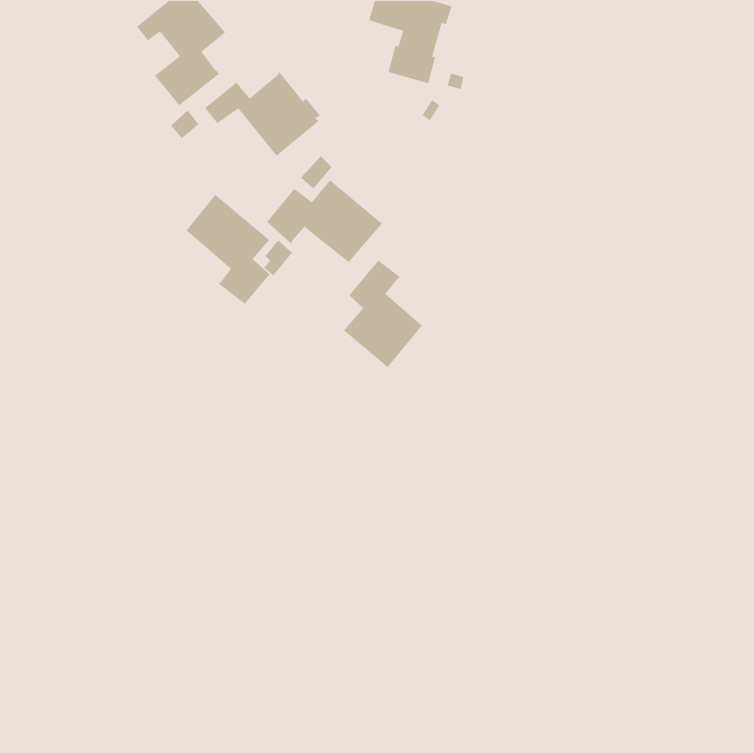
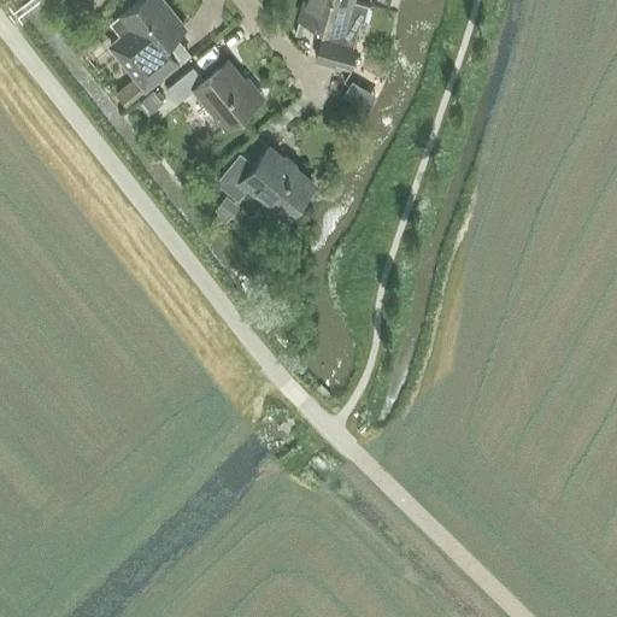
building: [185,194,270,305] -> none
building: [343,260,423,368] -> none

